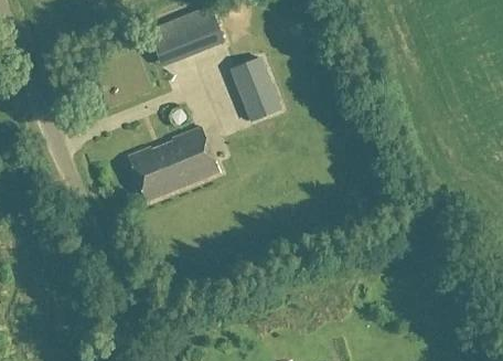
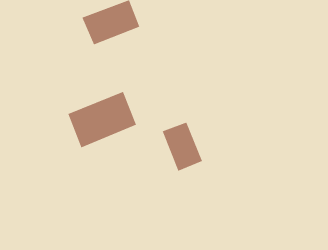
building: [228,56,282,121] -> [162,122,203,171]

